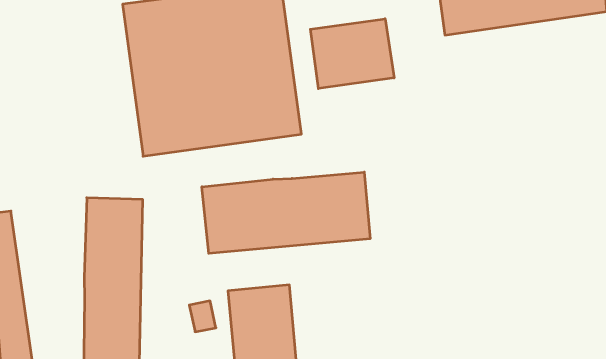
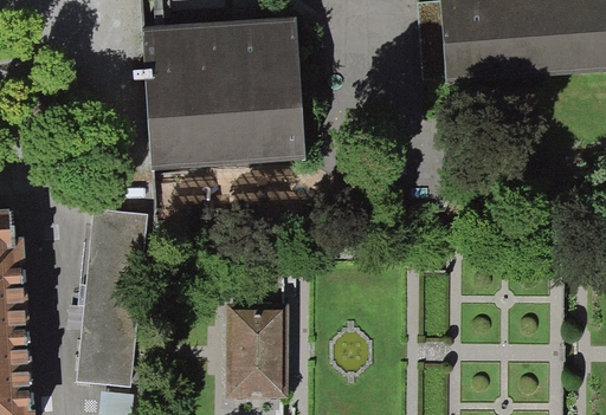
building: [310,19,394,89] -> none
building: [202,172,370,253] -> none

